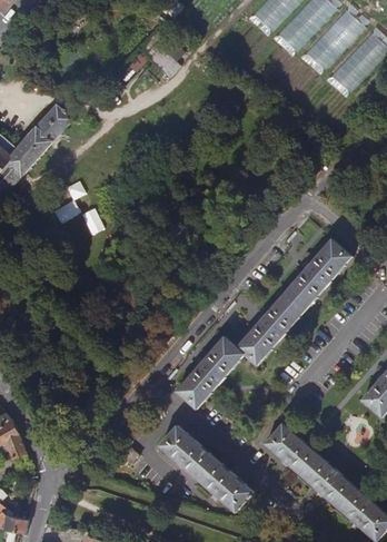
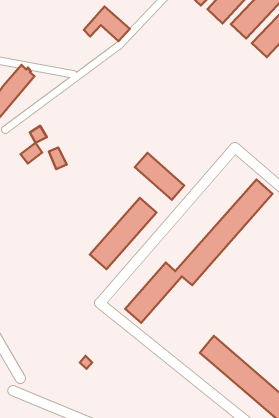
building: none -> [135,153,184,200]
building: none -> [90,198,157,269]
building: [161,426,254,511] -> none

